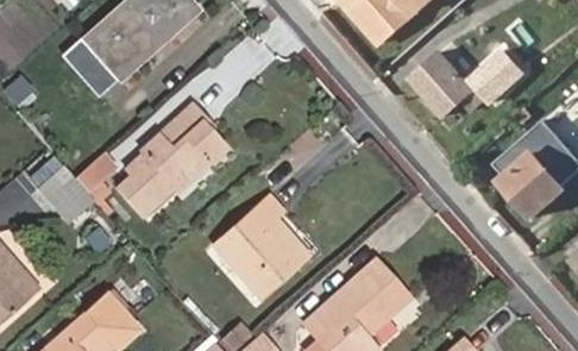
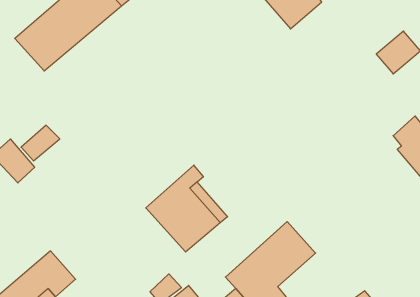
building: [410,54,480,115] -> none
building: [115,107,222,215] -> none

